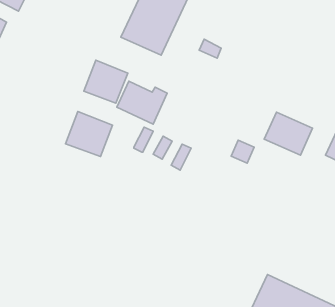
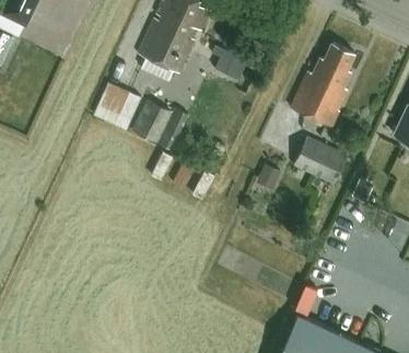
building: none -> [290,44,354,128]
building: [65,111,112,157] -> none

